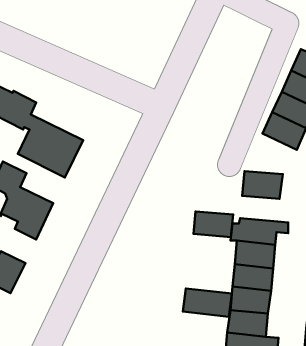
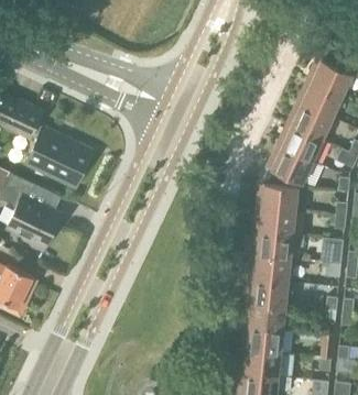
building: none -> [267,144,313,183]
building: [194,211,233,237] -> [254,208,295,234]
building: [183,288,232,317] -> none

